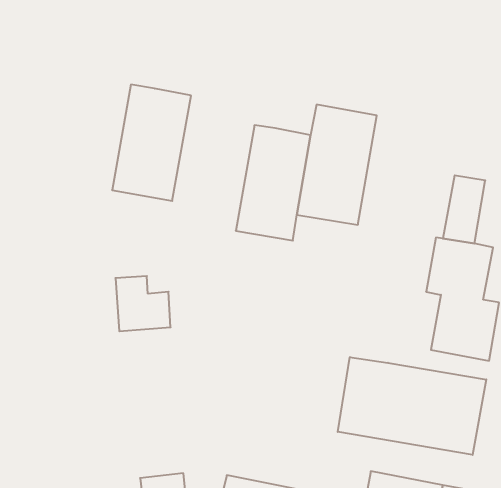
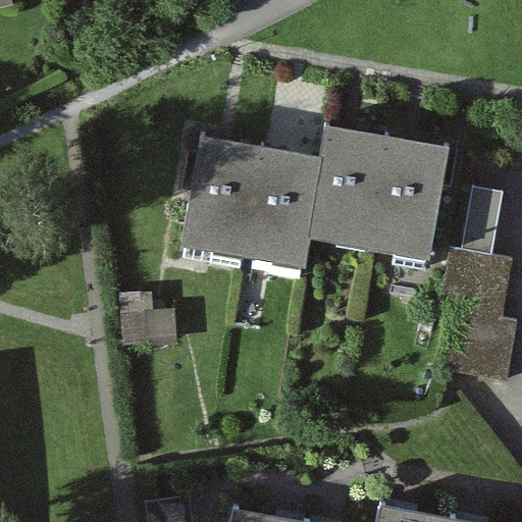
building: [112,85,191,201] -> [181,135,263,255]
building: none -> [370,136,450,259]
building: [338,357,486,455] -> none

